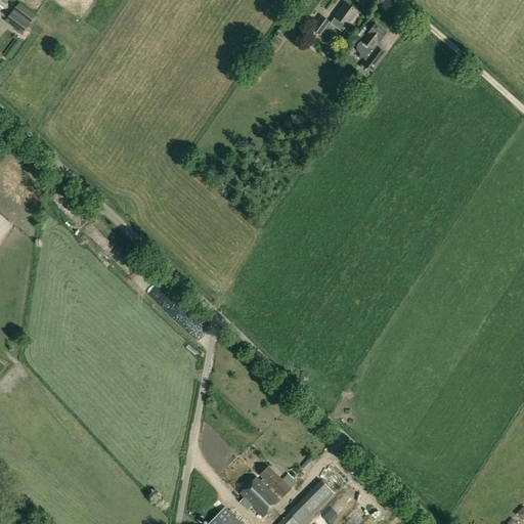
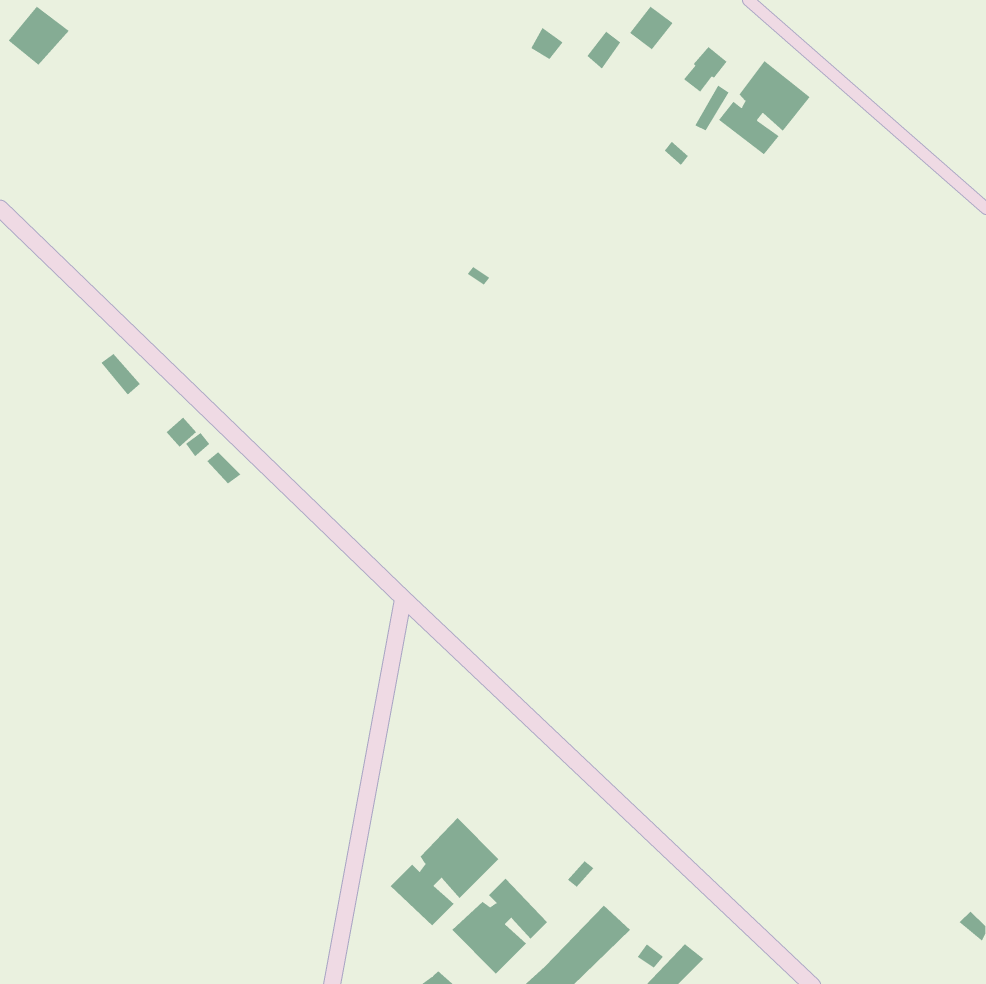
building: none -> [718,60,810,155]
building: none -> [390,817,499,926]

